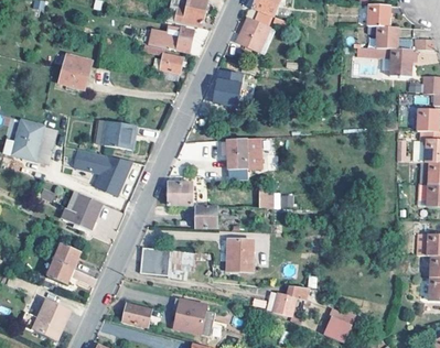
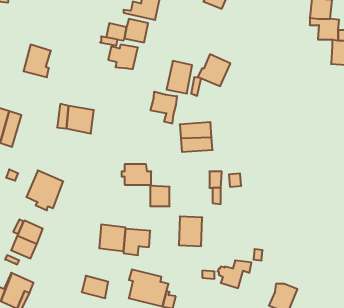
building: [237,18,272,52] -> [198,54,230,86]
building: none -> [151,92,177,124]
building: [74,148,131,195] -> none

